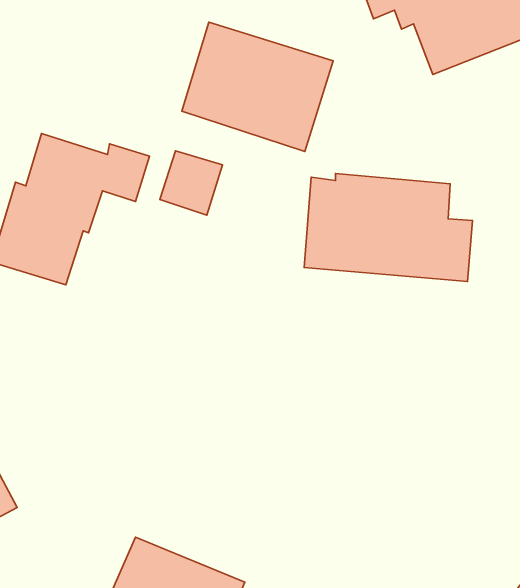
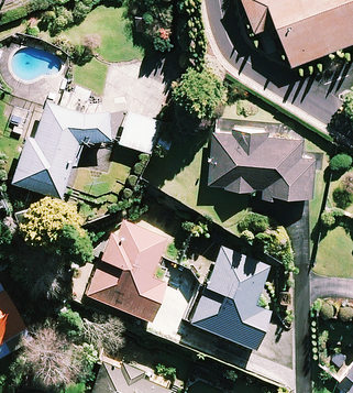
building: [182,22,333,151] -> none
building: none -> [86,220,166,321]
building: none -> [189,248,269,350]

